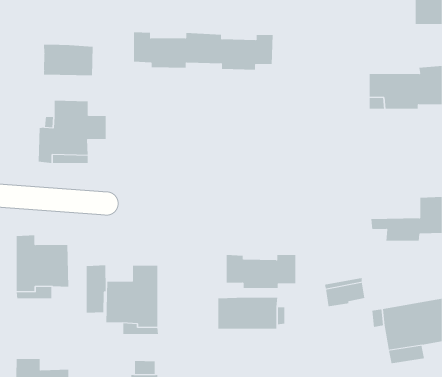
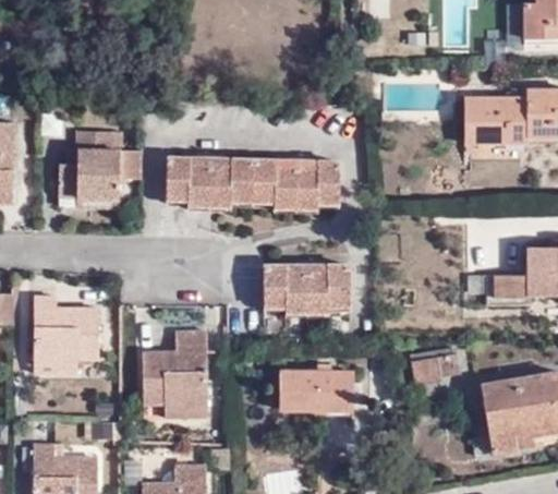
building: [133,32,273,70] -> [167,158,339,205]
building: [43,44,93,76] -> none
building: [226,255,296,288] -> [264,265,350,306]
building: [86,265,106,313] -> none

